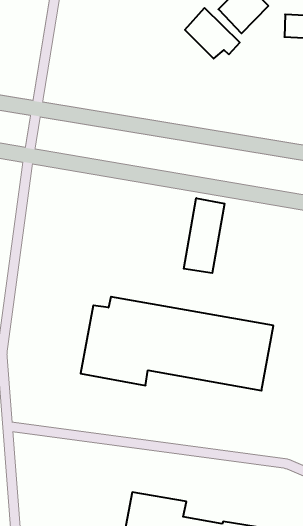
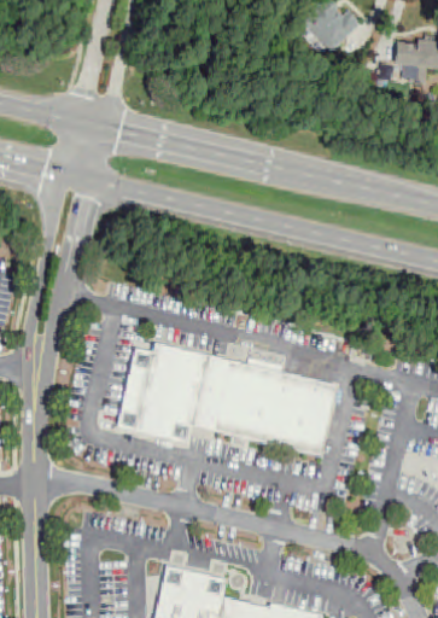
building: [185,8,240,59] -> none
building: [184,198,225,273] -> none

